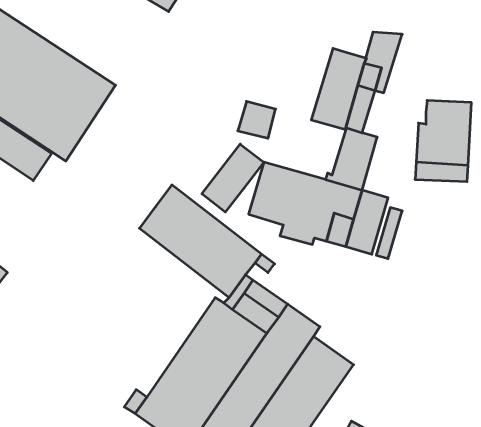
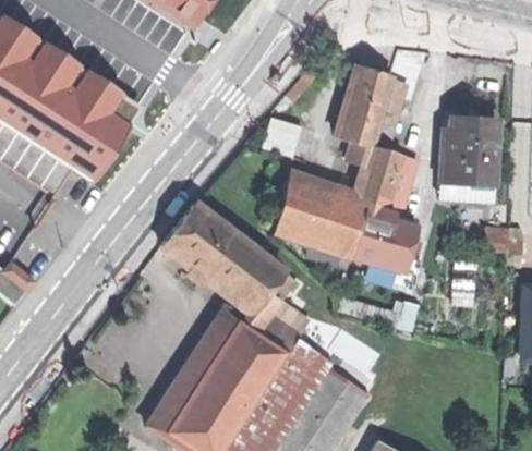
building: none -> [386,154,428,215]
building: [202,144,264,212] -> none

